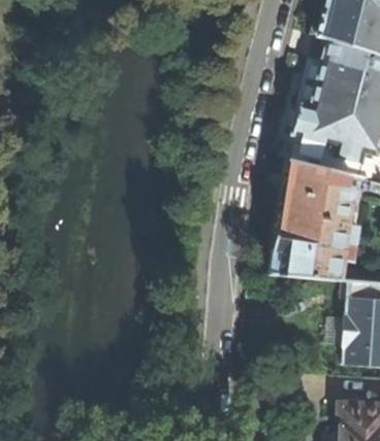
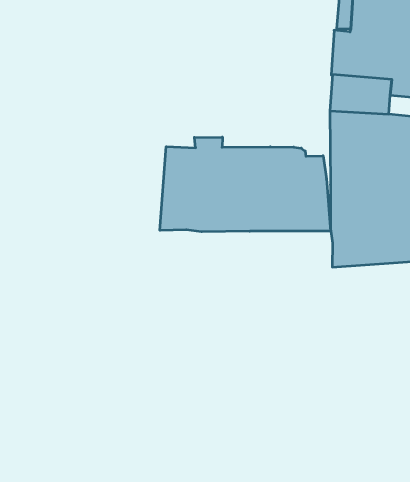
building: none -> [160,137,331,232]

